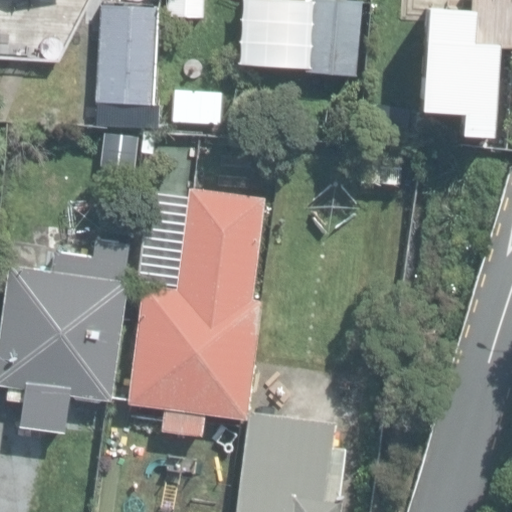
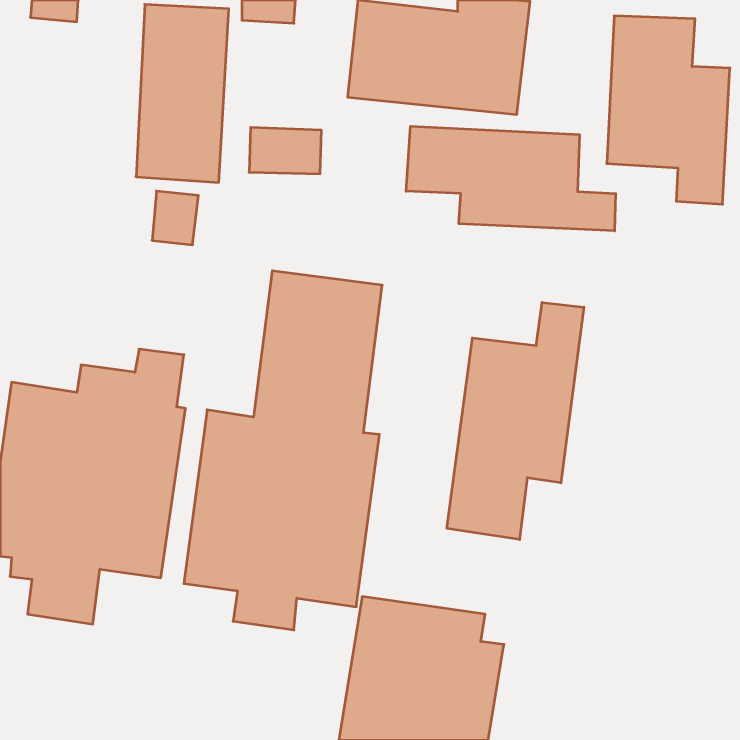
building: none -> [406,126,616,231]
building: none -> [447,302,584,540]

